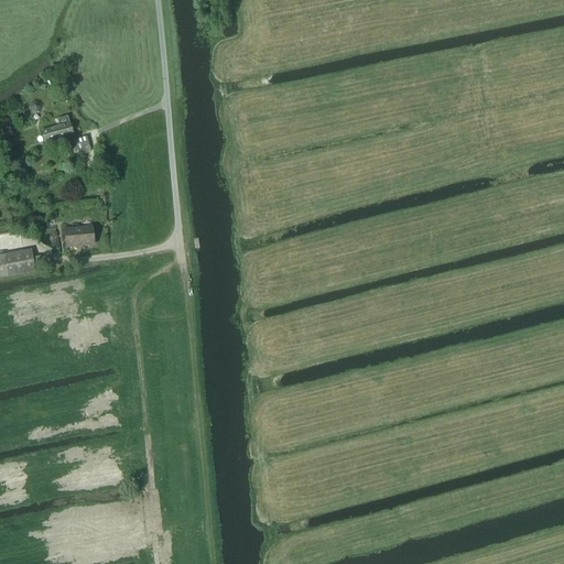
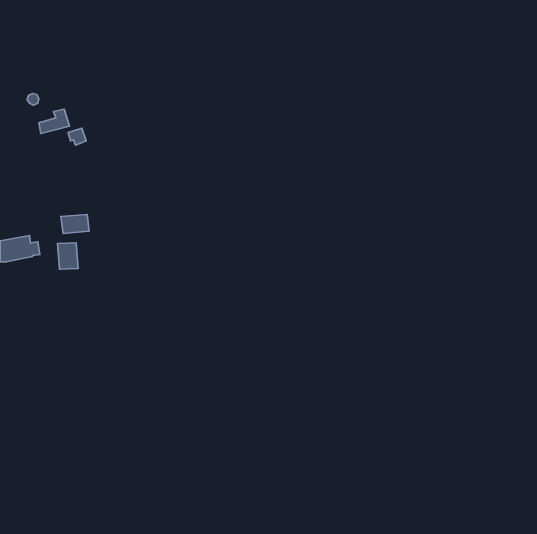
building: none -> [57,243,78,269]

